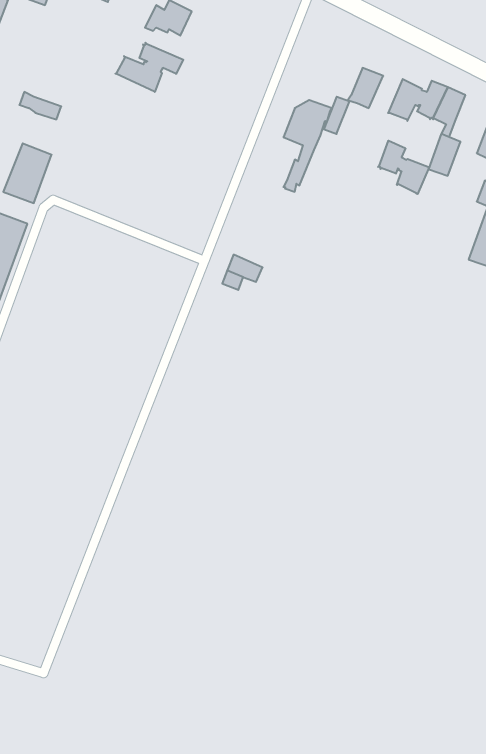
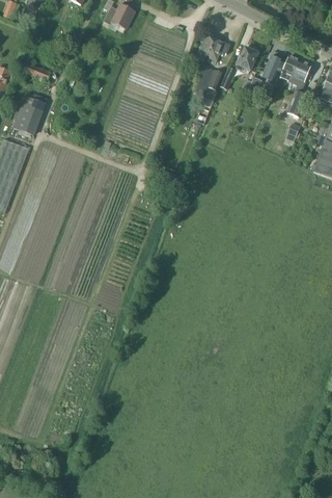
building: [115,43,183,92] -> none
building: none -> [197,35,230,63]
building: [378,141,429,194] -> none

